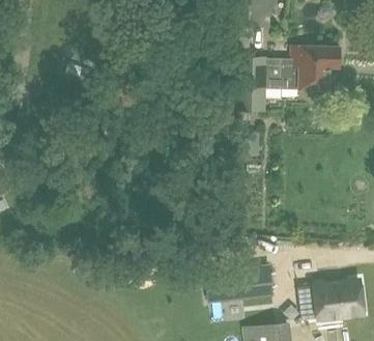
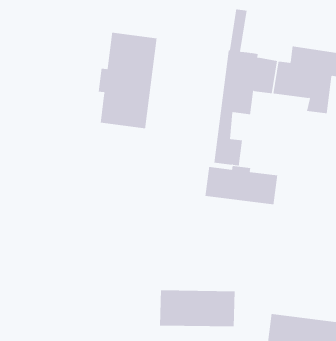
building: none -> [98,32,157,129]
building: none -> [205,165,278,205]

